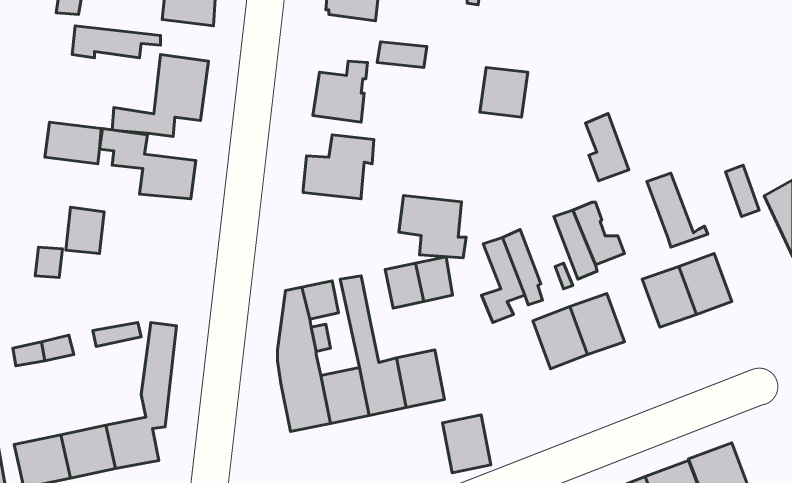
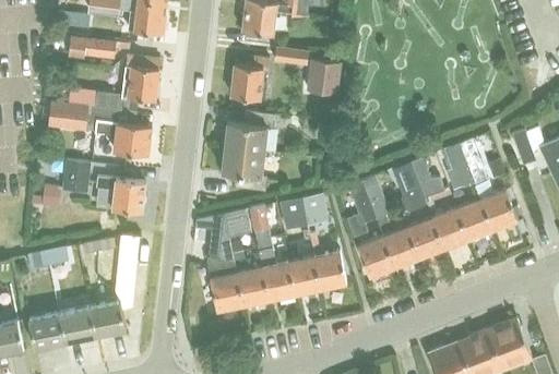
building: [480,67,528,117] -> [308,60,341,94]
building: [586,114,629,181] -> [443,141,473,186]
building: [399,195,466,258] -> [222,148,267,191]
building: none -> [95,178,145,214]
building: none -> [431,207,467,250]
building: none -> [356,236,393,277]
building: [443,415,491,473] -> [314,250,347,289]

